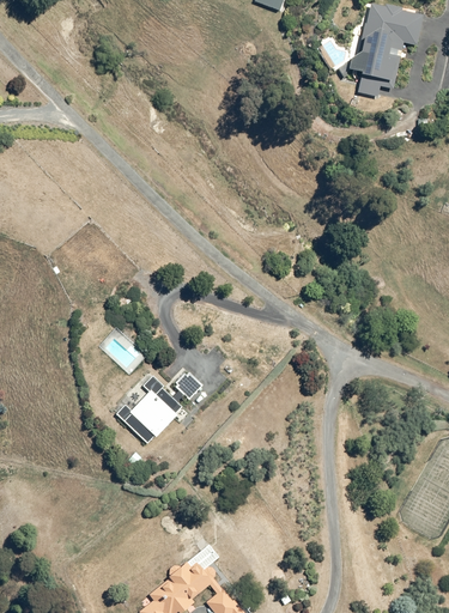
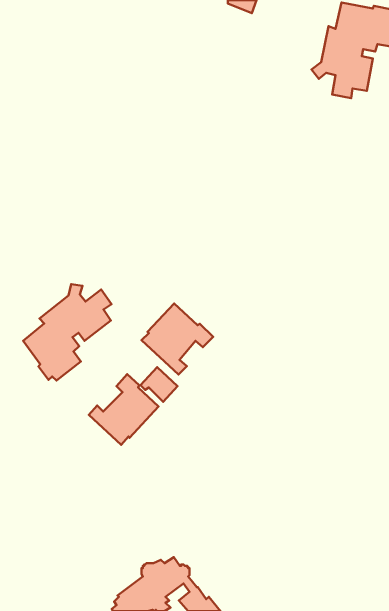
building: none -> [23,284,111,381]
building: none -> [142,304,213,375]

